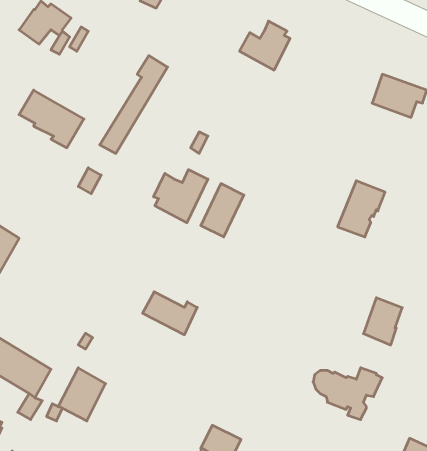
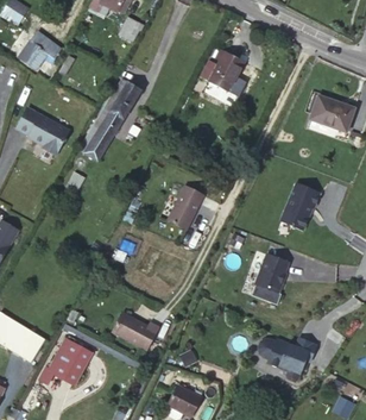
building: [154,170,208,223] -> none
building: [143,292,197,335] -> [113,313,158,349]
building: [363,298,402,345] -> [255,253,288,293]

